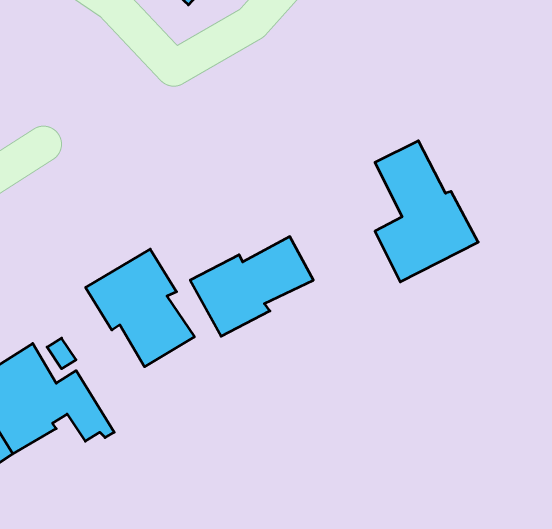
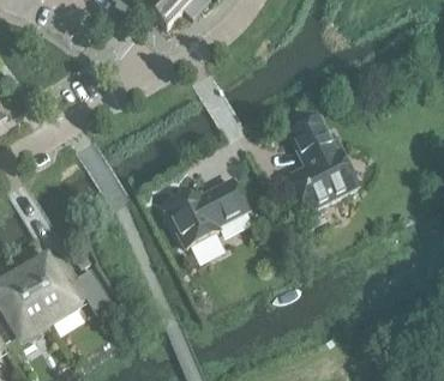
building: [86,249,194,367] -> none

